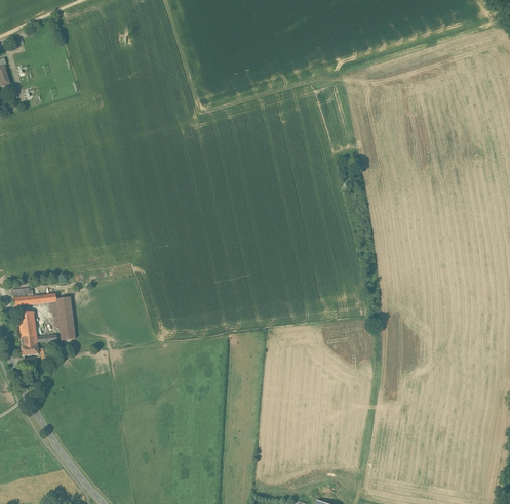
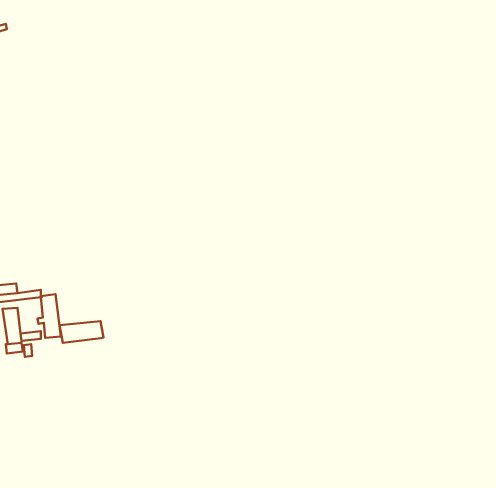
building: none -> [60,321,103,343]

